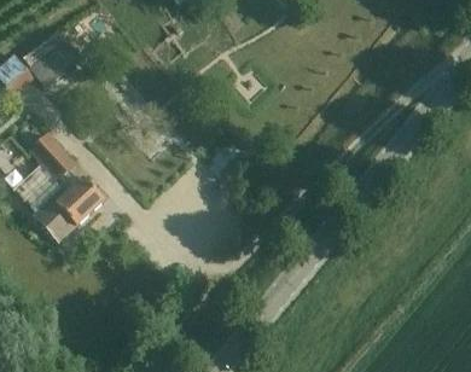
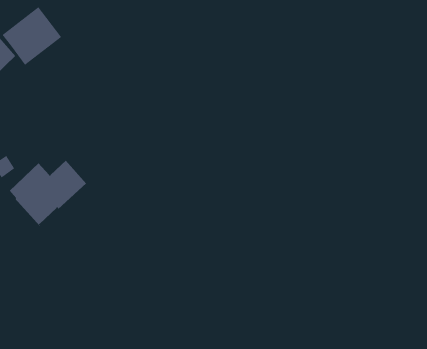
building: [31,134,76,180] -> none

